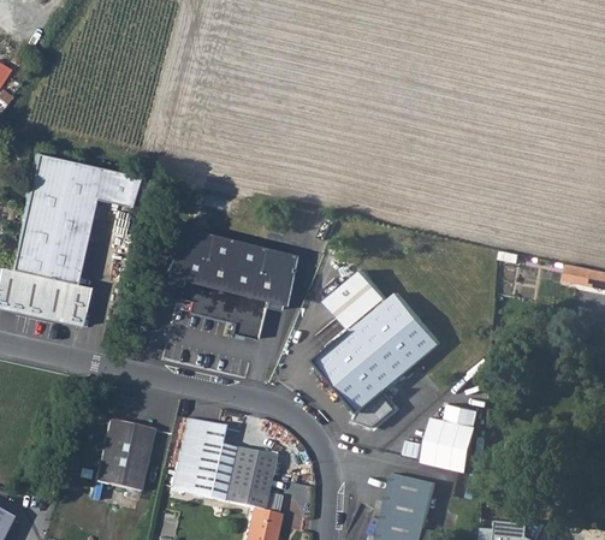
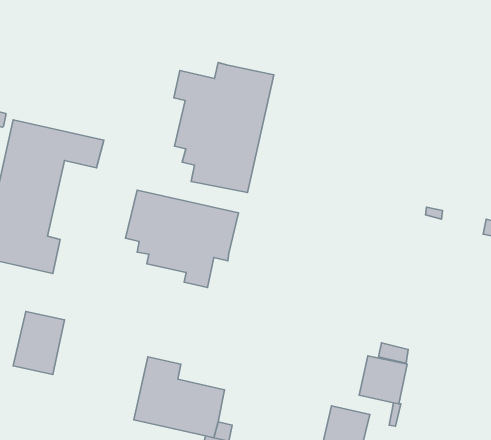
building: none -> [174,62,274,193]
building: [319,269,443,427] -> none
building: [96,420,154,491] -> [13,311,64,374]

